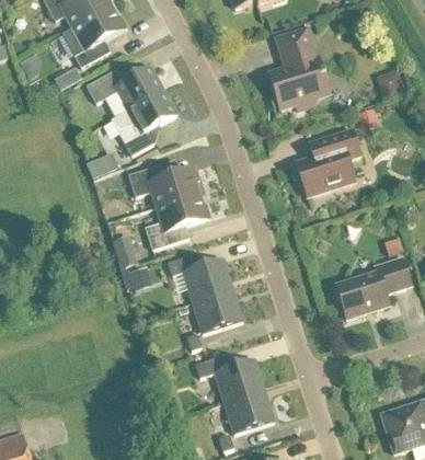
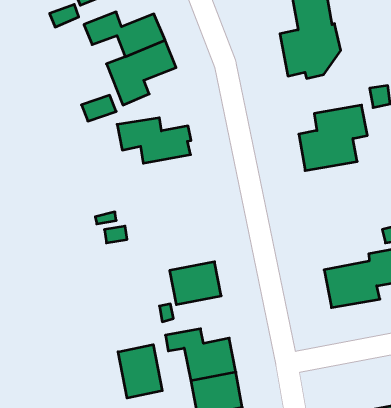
building: [145,193,210,249] -> none
building: [168,252,233,302] -> none
building: none -> [118,345,162,398]

